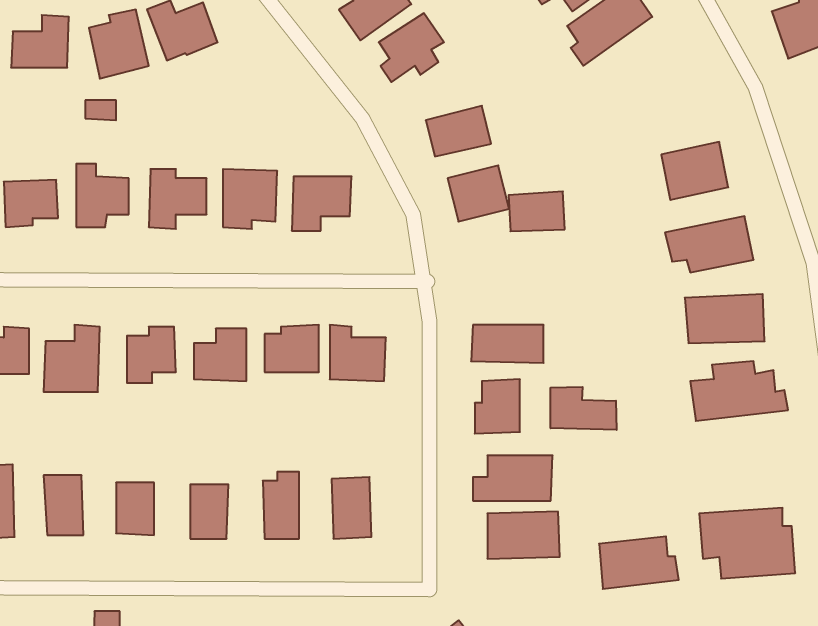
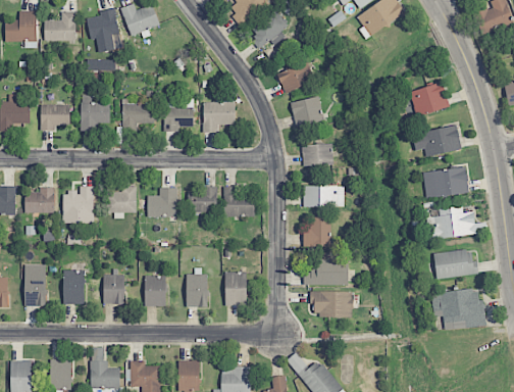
building: [509,191,565,231] -> [302,143,333,165]
building: [551,387,617,430] -> none
building: [599,536,679,589] -> [433,249,478,279]

